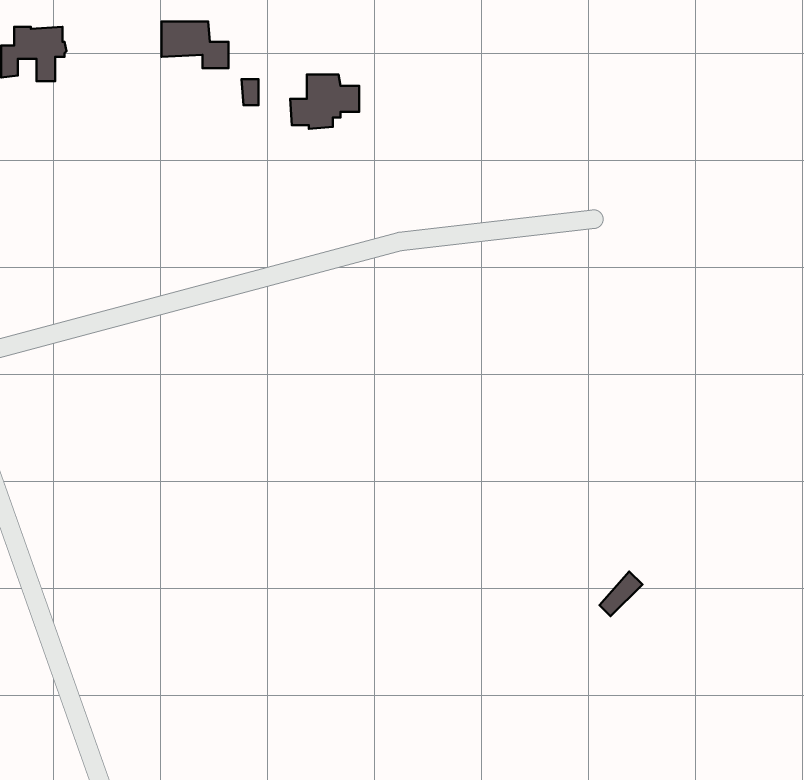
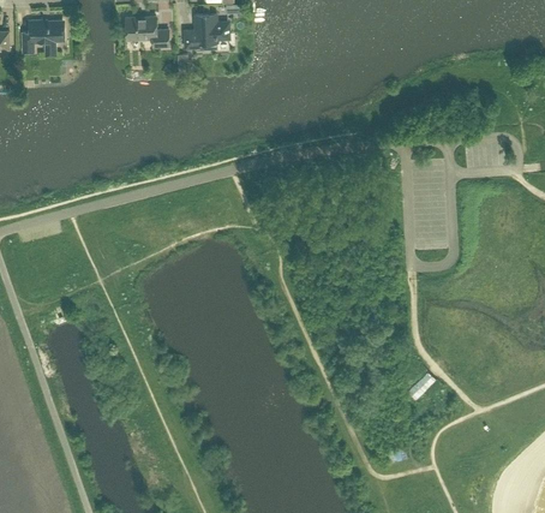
building: [290,75,359,129] -> [184,14,228,49]

